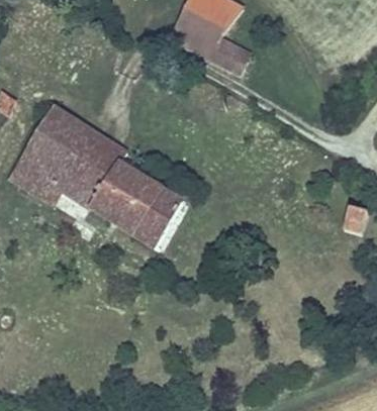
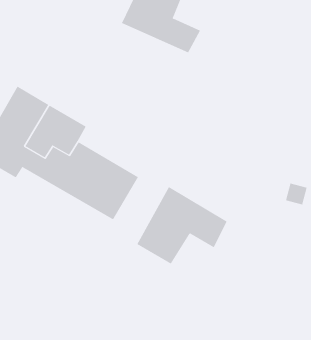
building: none -> [136,186,227,265]

